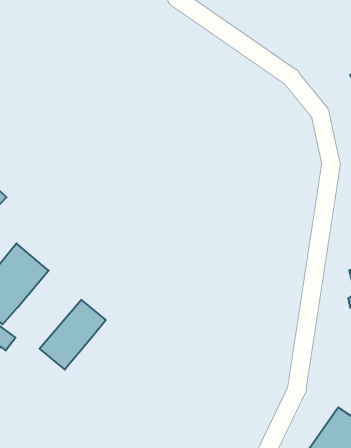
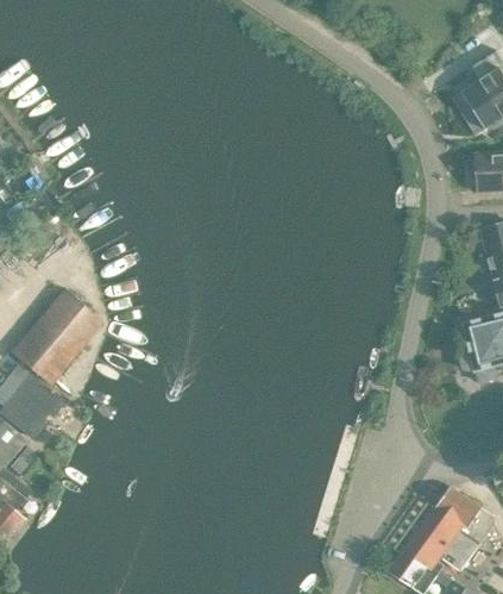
building: [40,300,106,370] -> none

